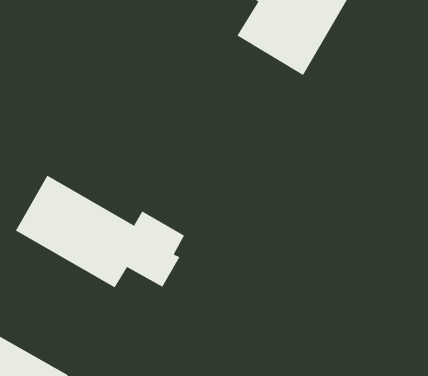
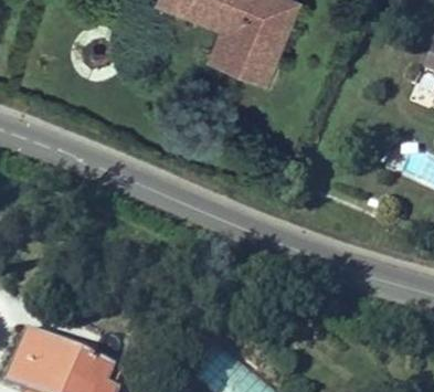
building: [15,175,185,288] -> none

